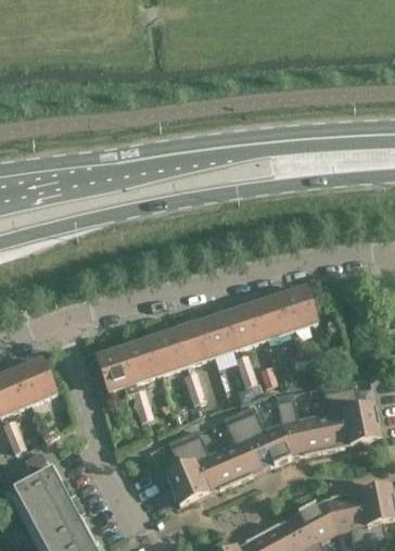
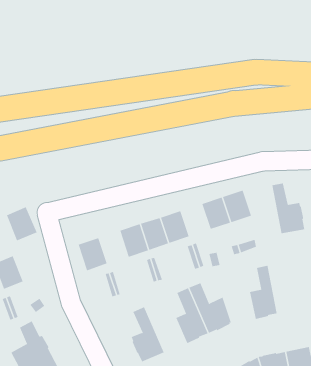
building: [228,304,265,346] -> none
building: [125,338,162,379] -> none
building: [17,359,56,402] -> [6,206,37,241]
building: [337,378,380,442] -> [271,183,305,234]
building: [275,390,321,454] -> none
building: [182,427,235,491] -> none

